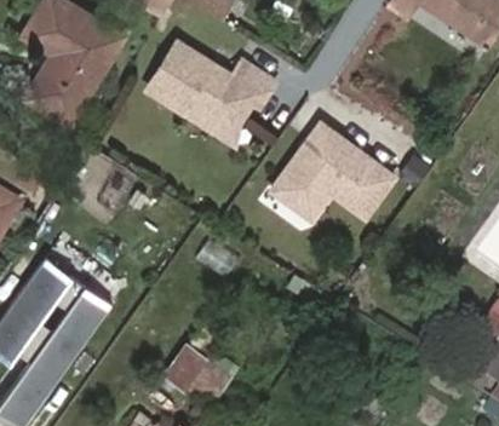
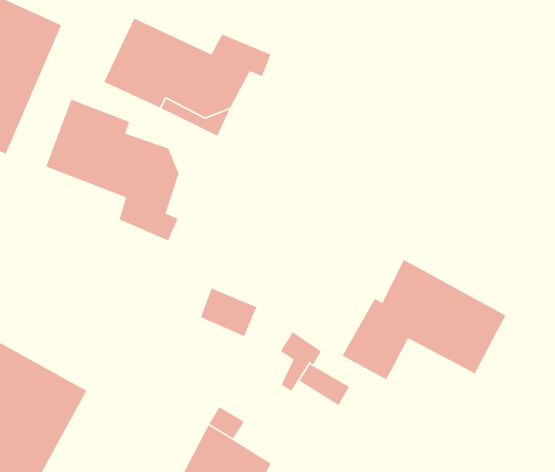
building: none -> [45,99,180,242]
building: [273,127,395,217] -> [341,259,506,380]

